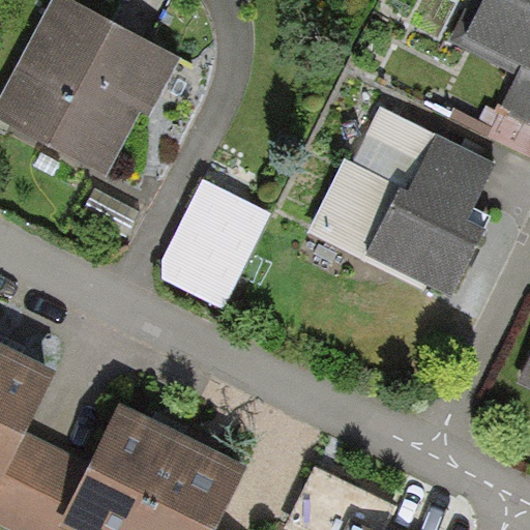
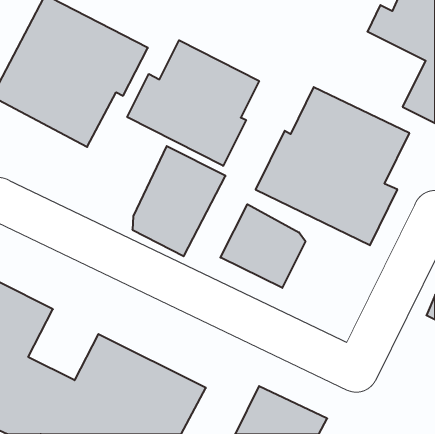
building: none -> [127,40,259,166]
building: none -> [220,204,305,288]

